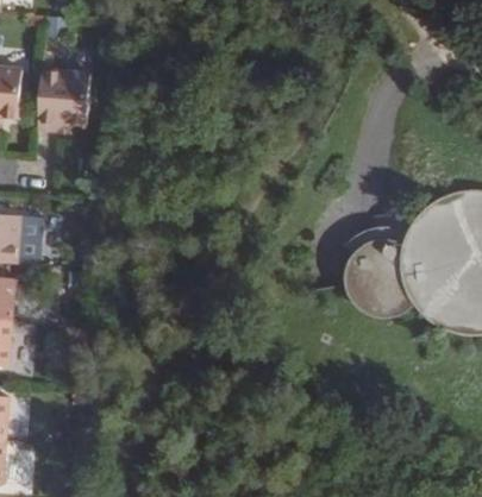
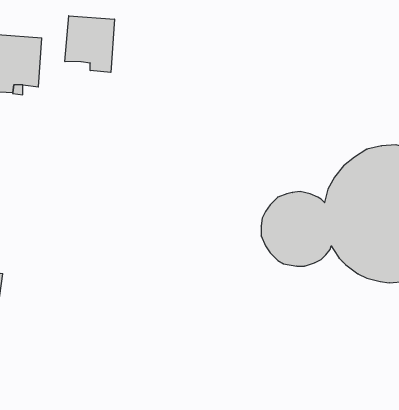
building: none -> [65,16,114,72]

